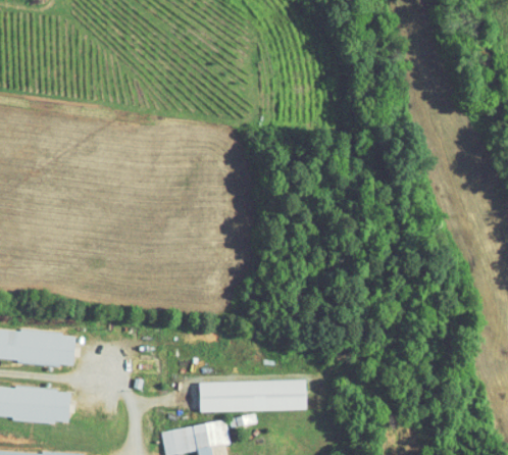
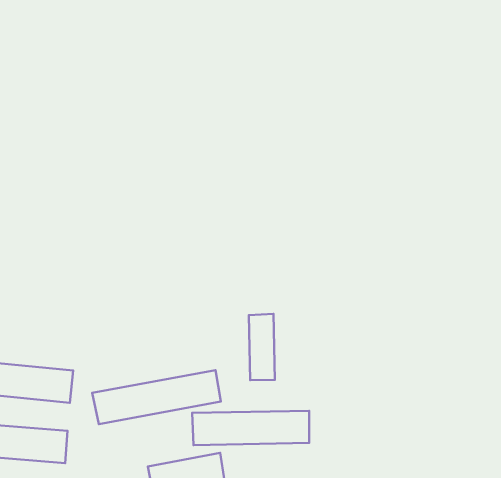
building: none -> [249,314,275,380]
building: none -> [92,370,221,424]

